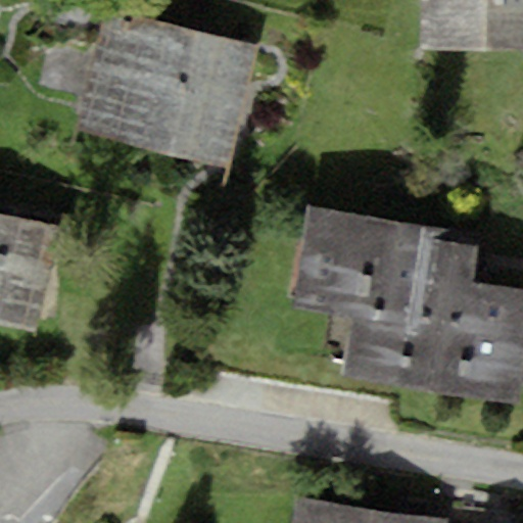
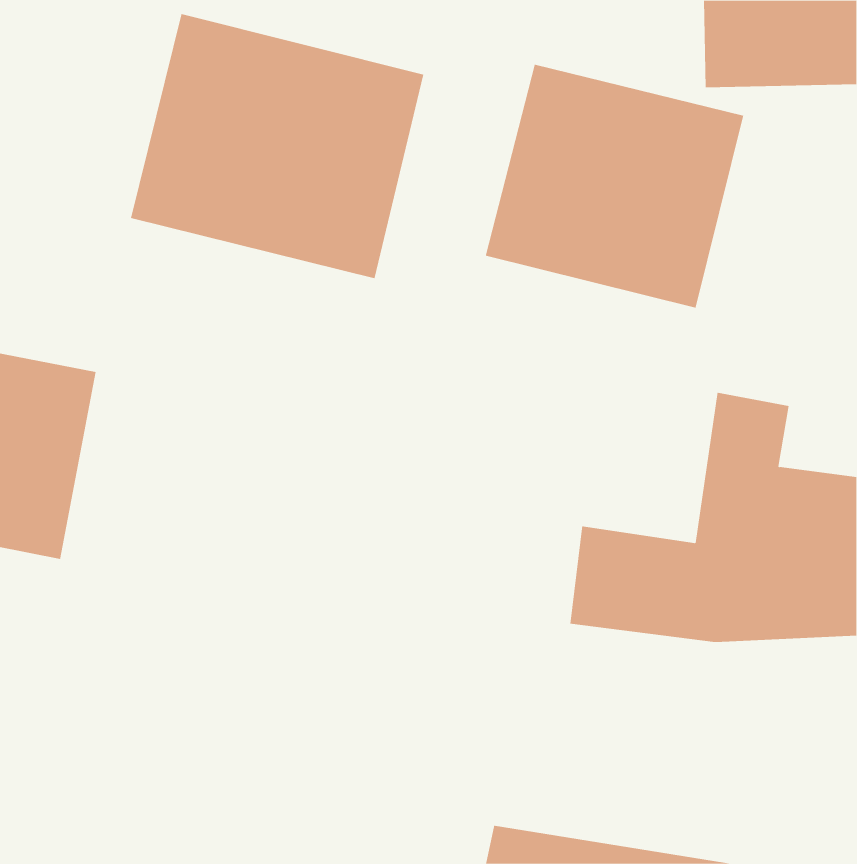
building: none -> [485,64,744,309]
building: [293,207,435,328] -> none

